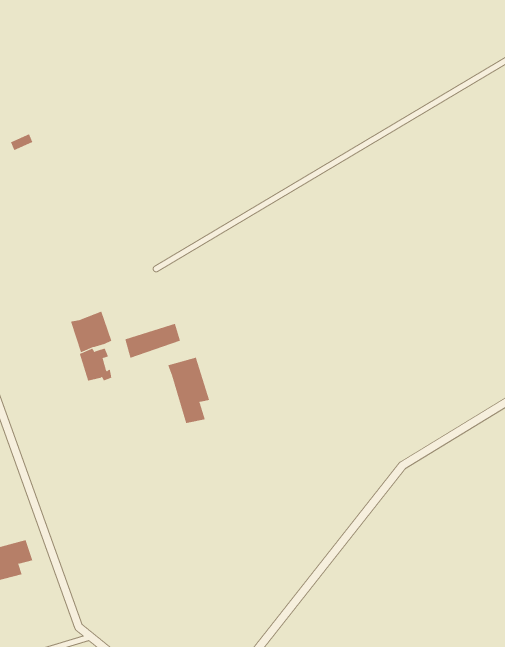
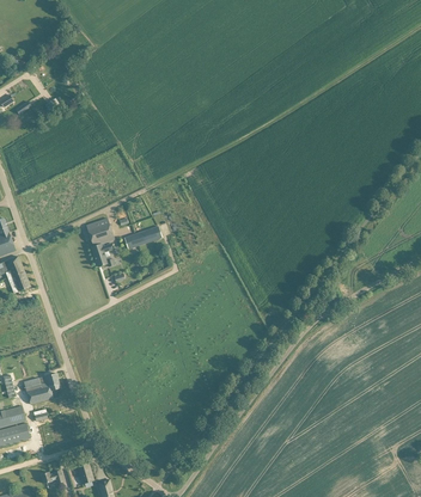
building: [168,357,210,424] -> none

